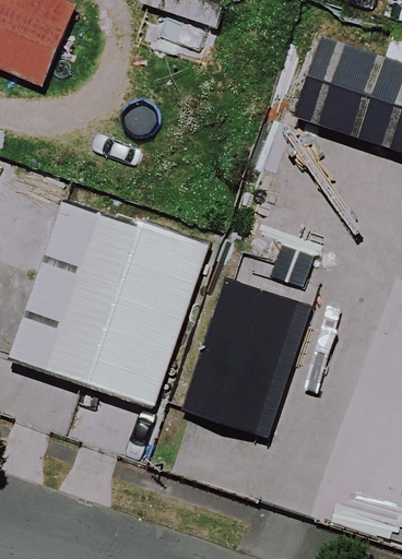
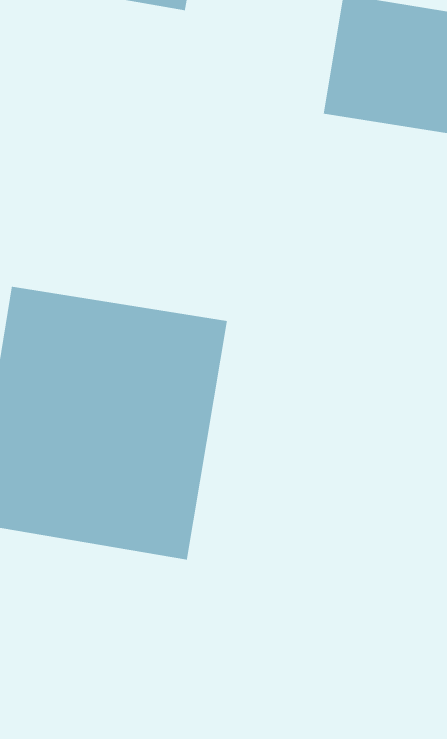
building: [182,277,310,436] -> none

